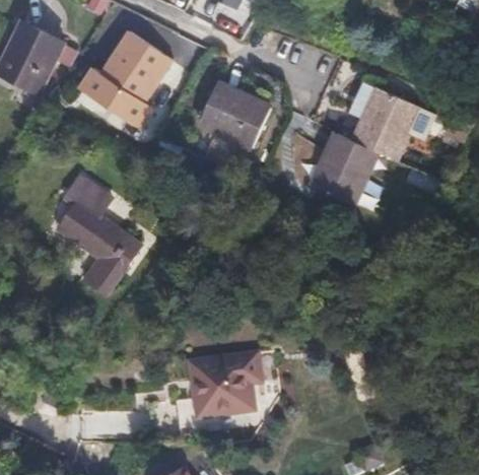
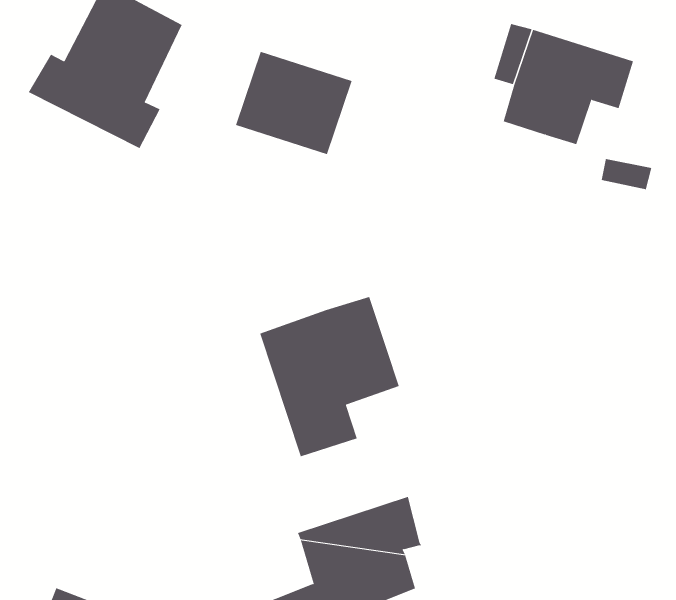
building: [309,134,373,204] -> none
building: [57,176,139,292] -> none
building: none -> [260,296,399,457]

